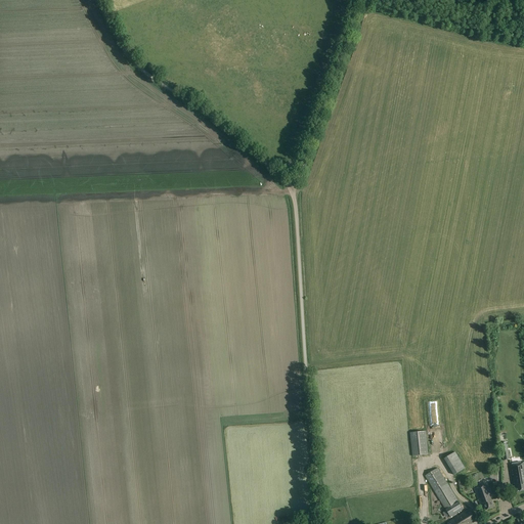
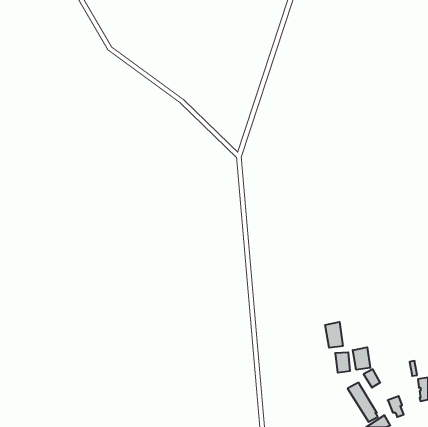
building: none -> [325,322,343,348]
building: none -> [353,347,370,370]

